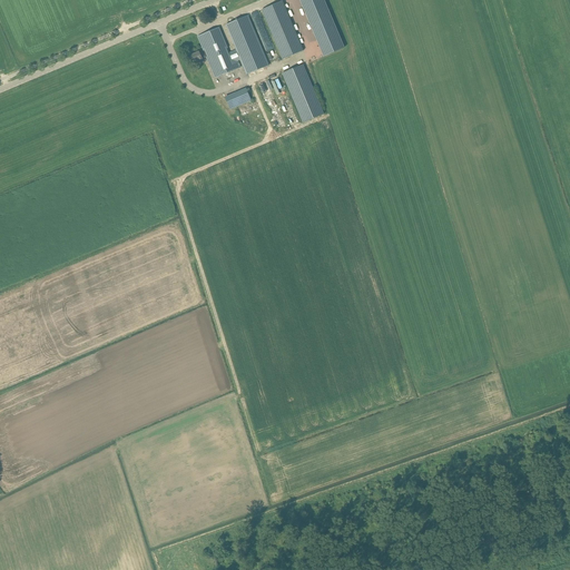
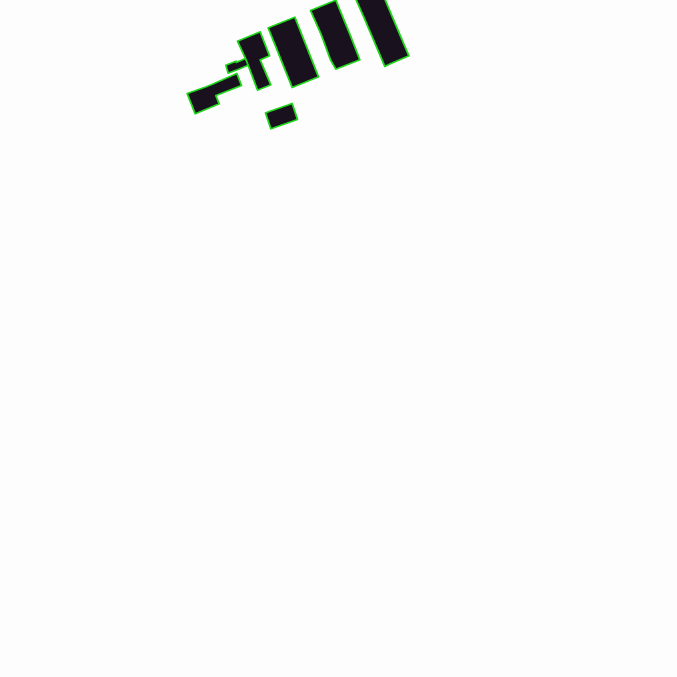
building: none -> [187,74,242,114]
building: [281,63,323,122] -> none

